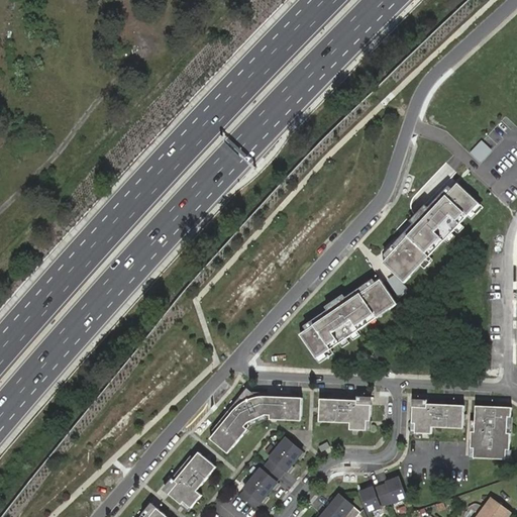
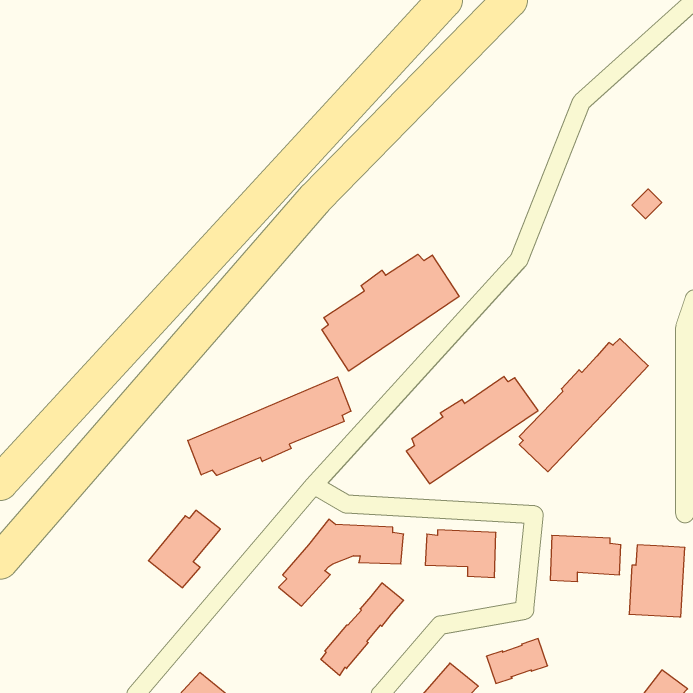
building: [386,187,482,286] -> [519,339,648,472]
building: none -> [322,254,459,371]
building: none -> [188,377,351,475]
building: [161,450,214,508] -> [148,510,220,588]

